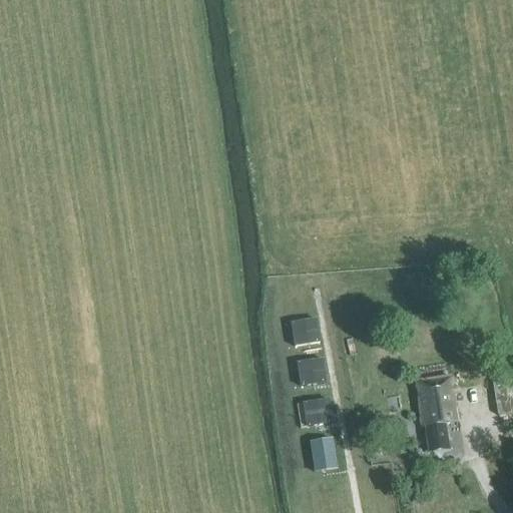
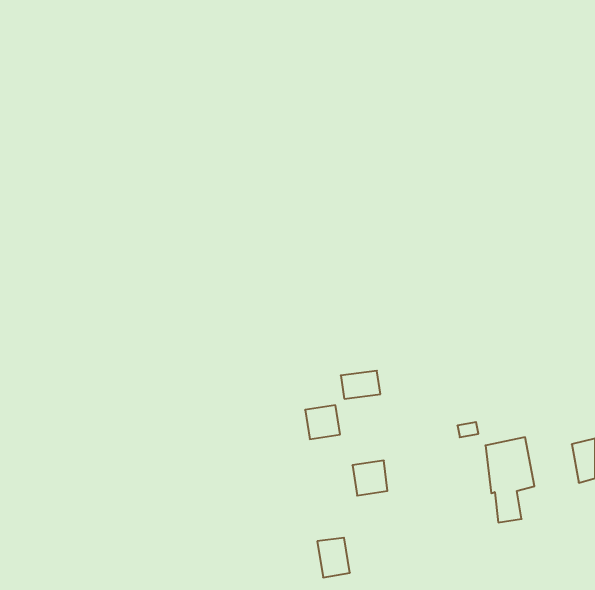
building: [297,356,327,385] -> [305,405,340,439]
building: [309,437,337,471] -> [317,538,350,577]

